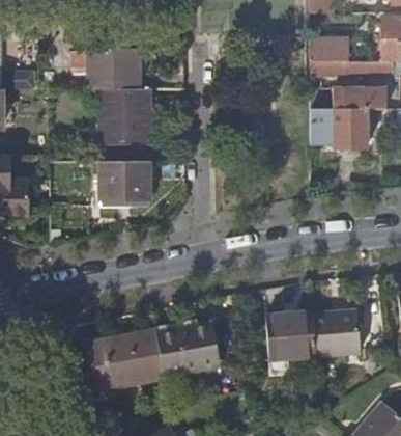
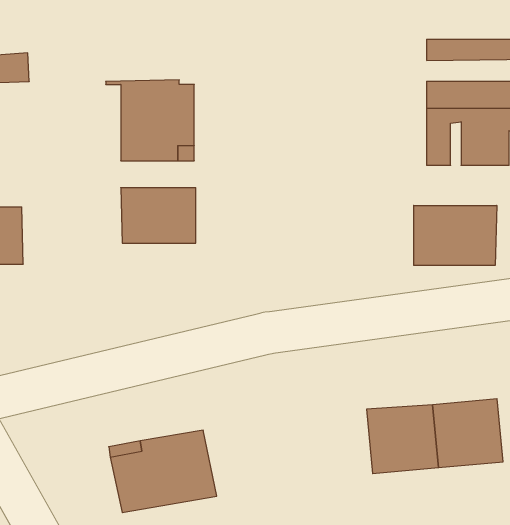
building: [310,37,350,59] -> none
building: [88,52,139,88] -> none
building: none -> [414,205,497,265]
building: [155,320,220,376] -> none

